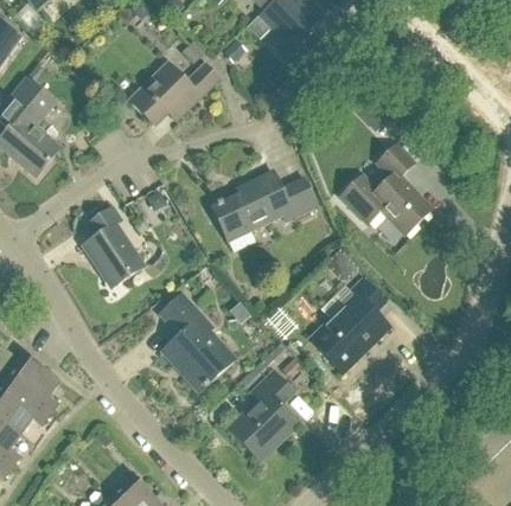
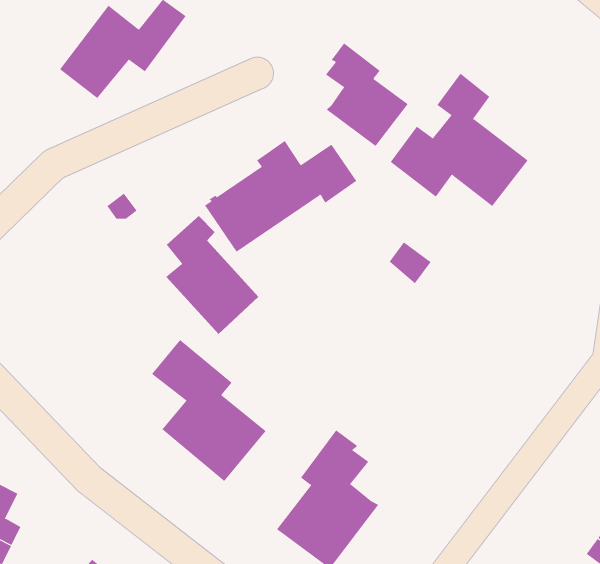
building: none -> [325,43,409,147]
building: [83,205,143,287] -> [165,215,259,335]
building: [309,276,389,367] -> none

